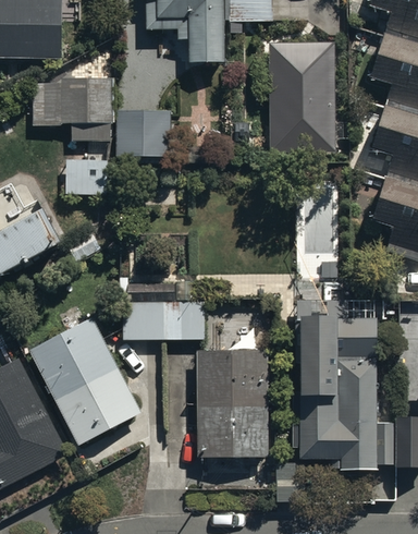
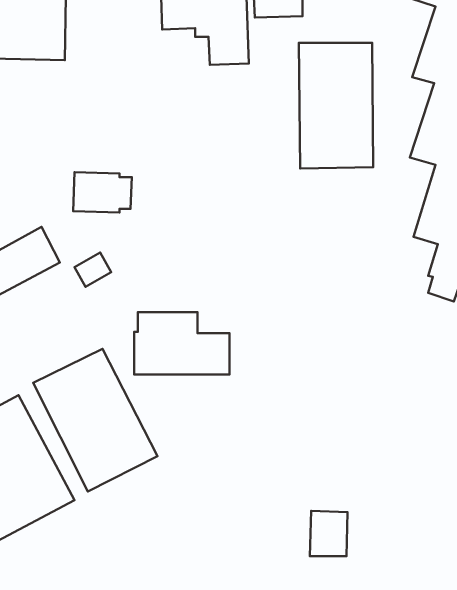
building: [33,77,110,142] -> none
building: [115,108,170,155] -> none
building: [293,311,401,468] -> none
building: [198,349,270,456] -> none

